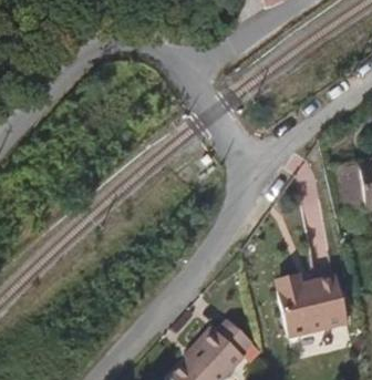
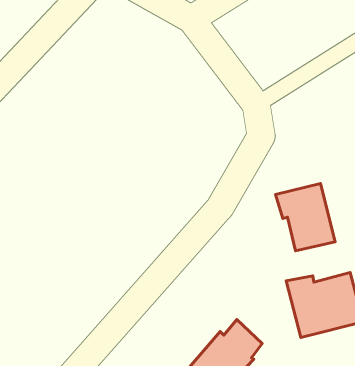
building: none -> [276,184,335,251]

